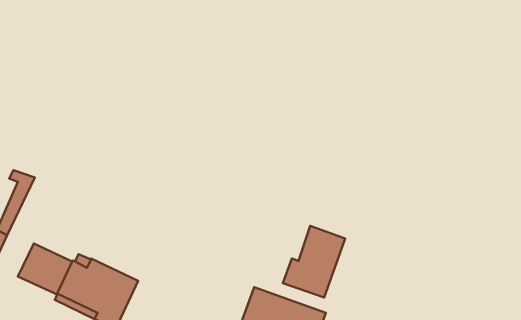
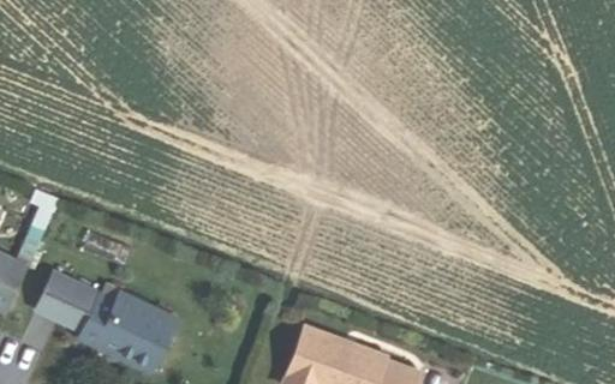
building: [283,226,345,297] -> none

